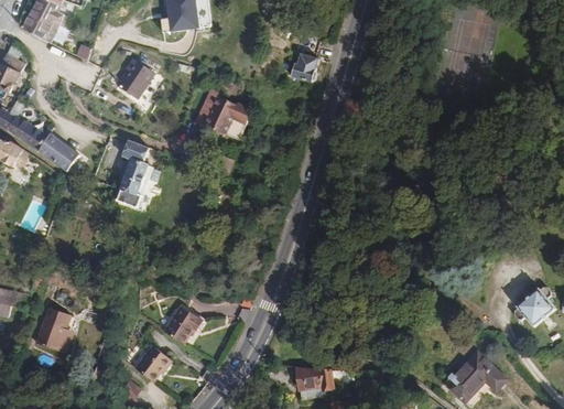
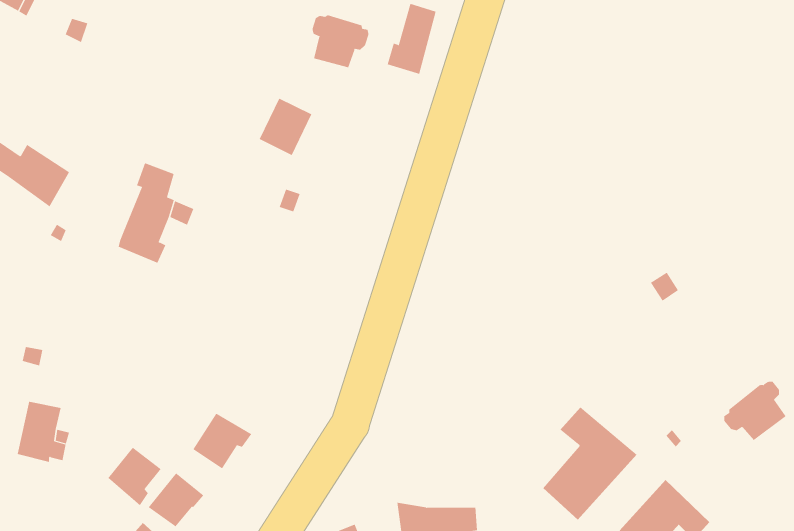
building: none -> [312,15,369,68]
building: [118,57,156,100] -> none
building: none -> [543,406,637,520]
building: none -> [107,447,162,506]

